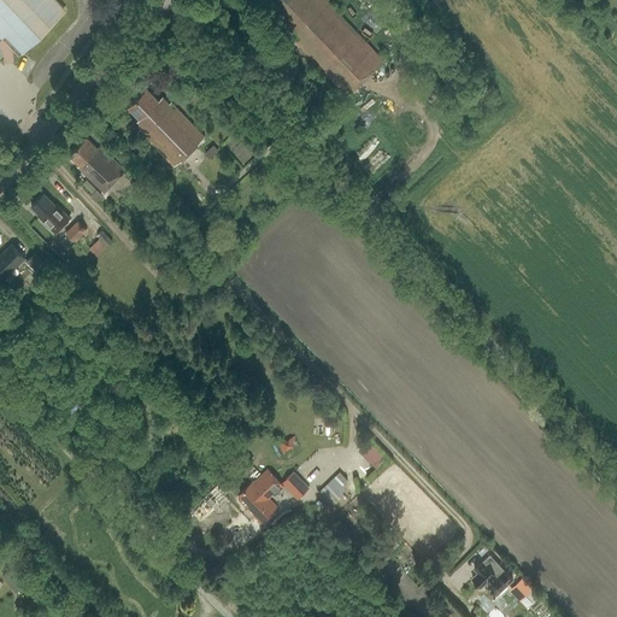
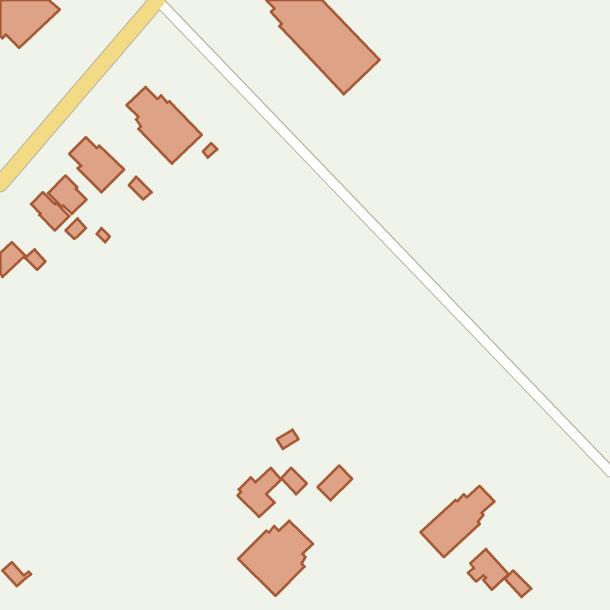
building: none -> [48,176,86,214]
building: none -> [421,486,494,557]
building: none -> [238,521,313,596]

